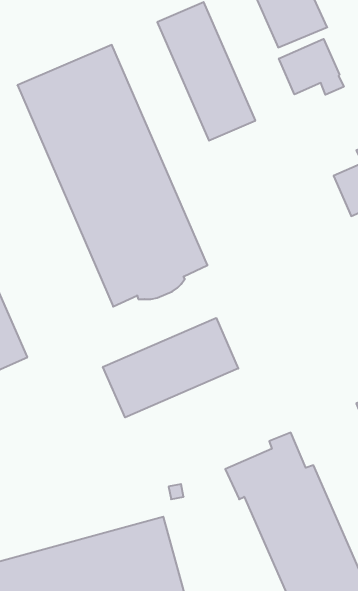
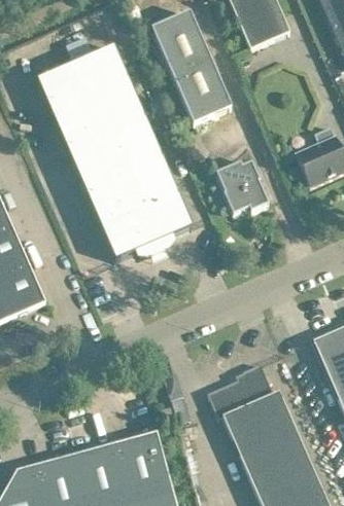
building: [279,39,344,95] -> none
building: none -> [215,160,268,214]
building: [103,318,238,417] -> none

